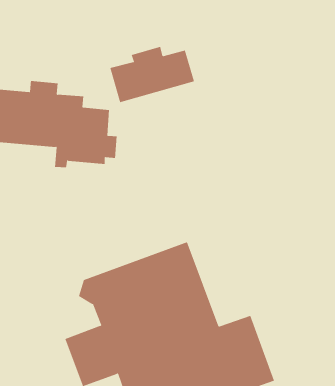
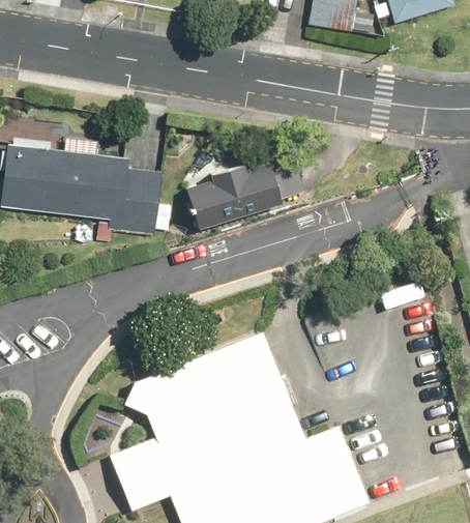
building: [109,46,195,103] -> [187,161,291,229]

